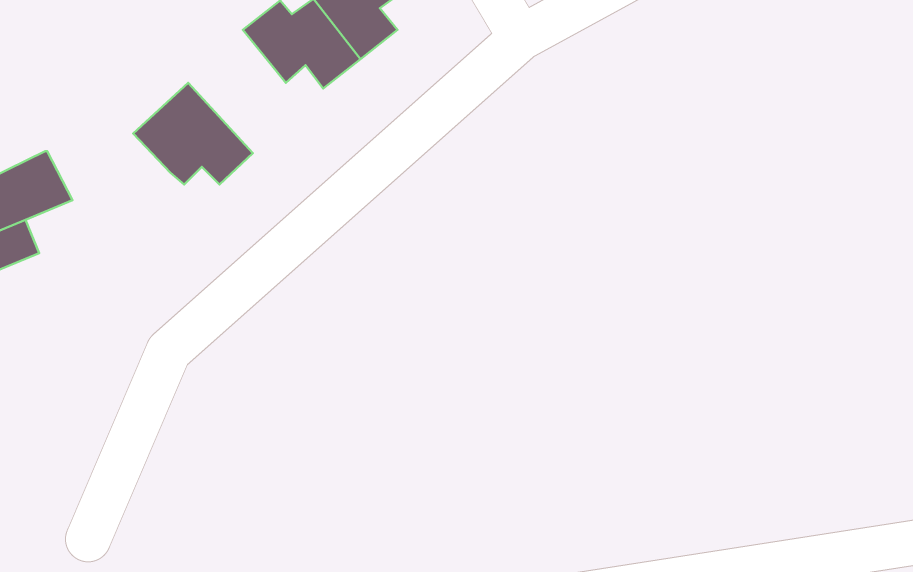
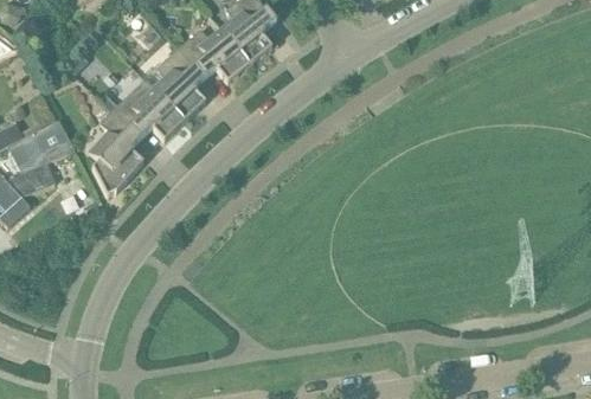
building: none -> [147,46,207,121]
building: none -> [91,109,144,198]

